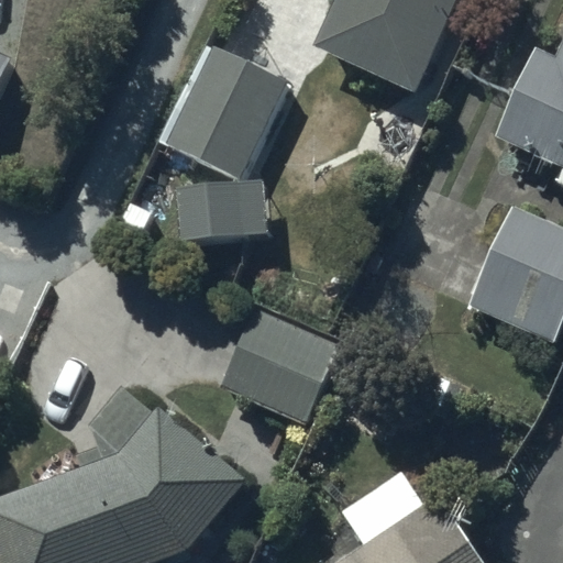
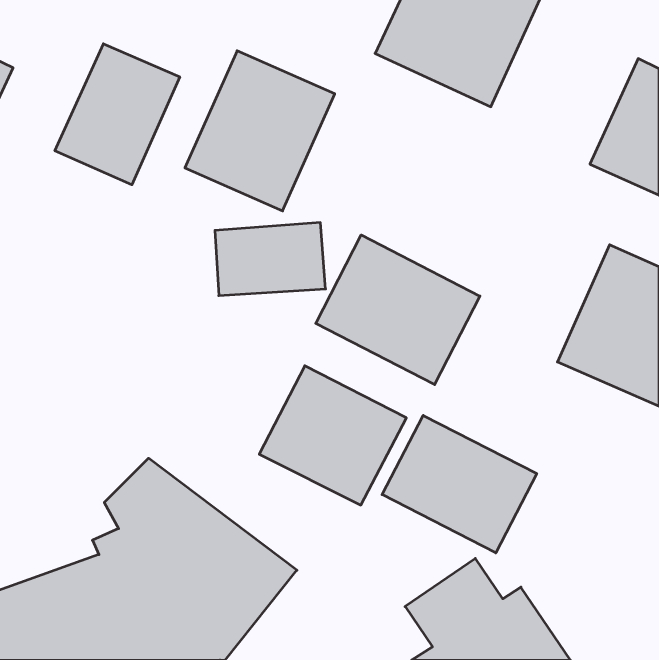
building: none -> [55,44,180,185]
building: none -> [316,235,480,385]
building: none -> [382,415,537,553]

